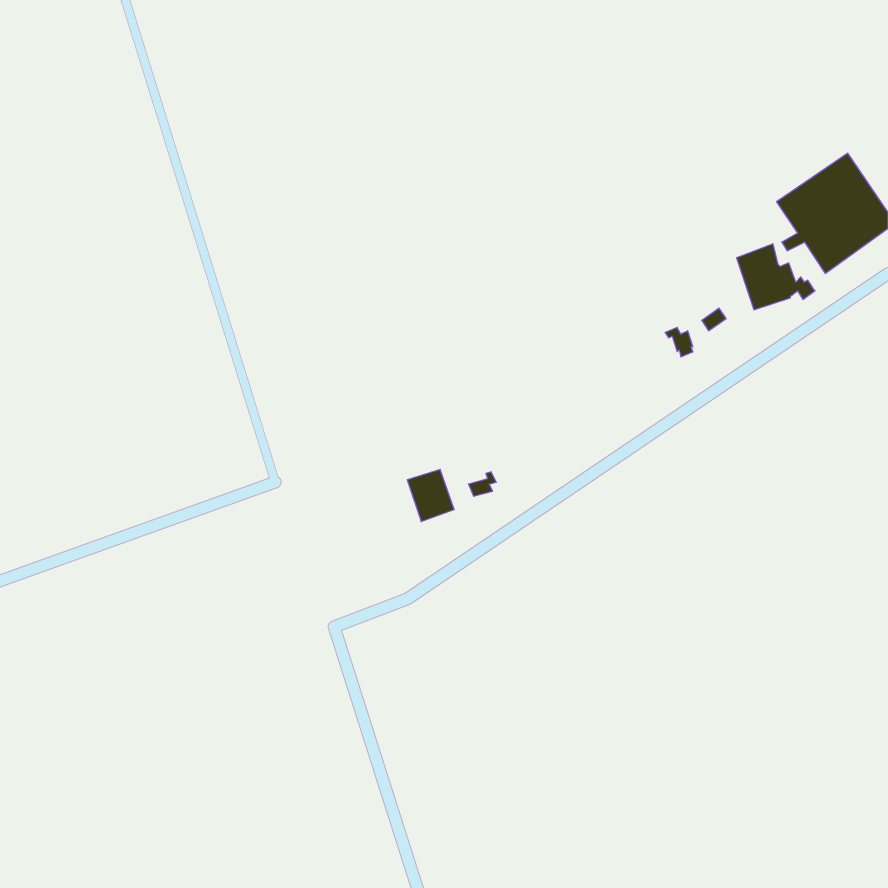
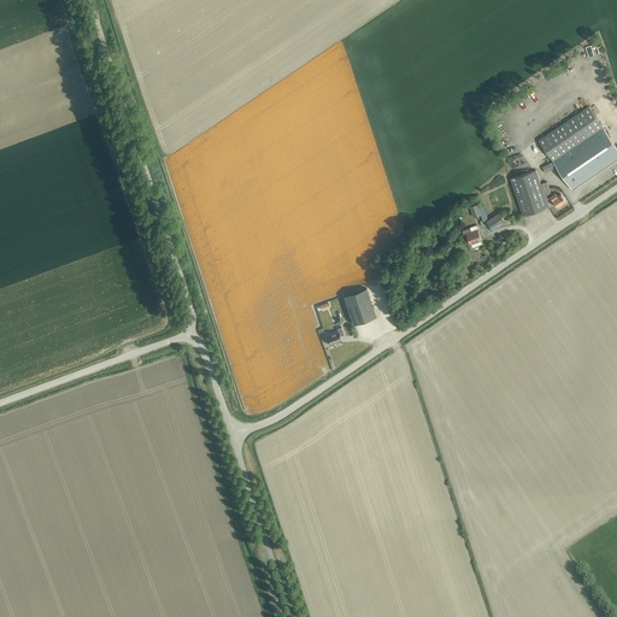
building: [407,469,454,522] -> [342,289,375,325]

